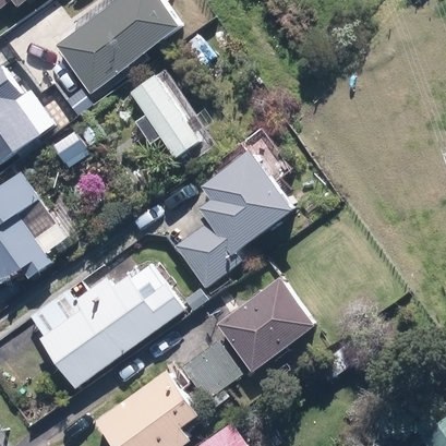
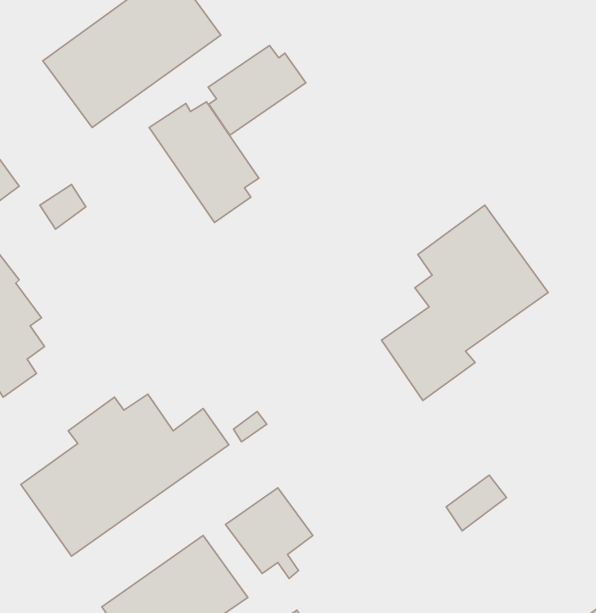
building: none -> [208,46,306,135]
building: [177,153,291,287] -> [381,205,548,400]
building: [216,279,313,372] -> none

